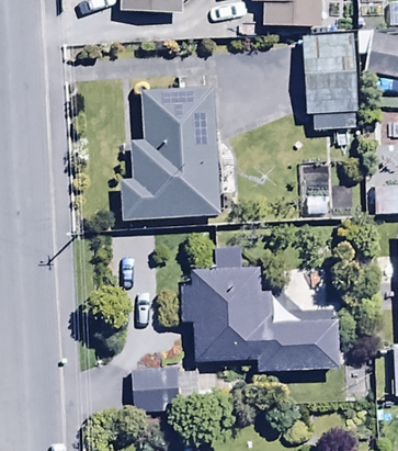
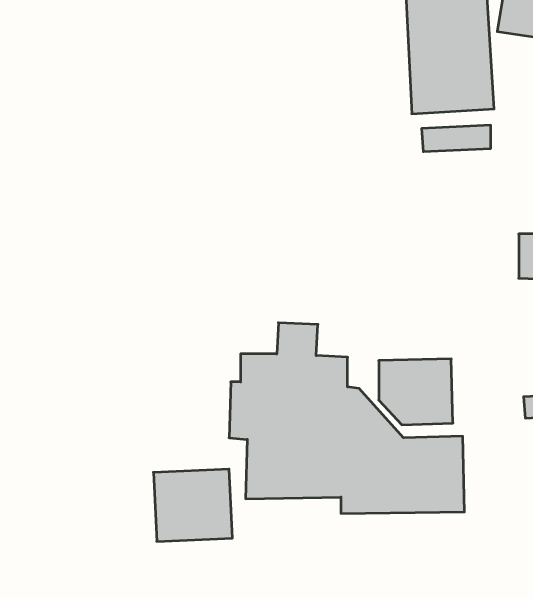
building: [122,77,220,221] -> none

